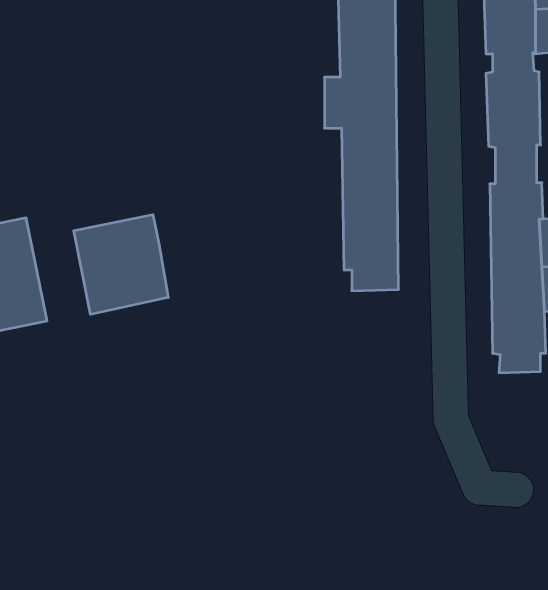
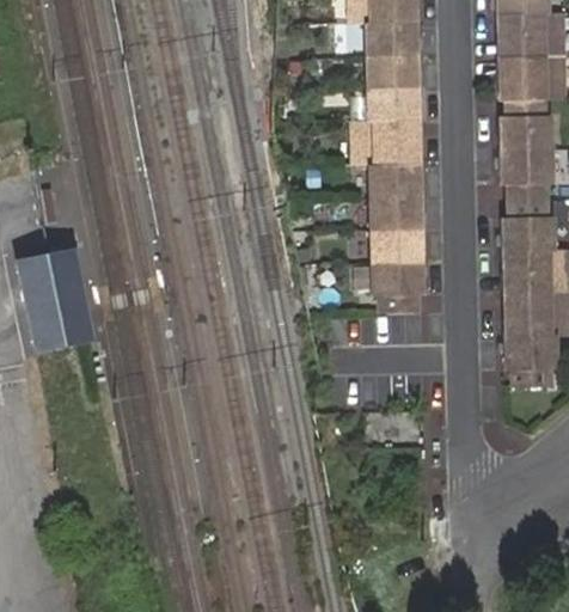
building: [74,215,168,314] -> none

